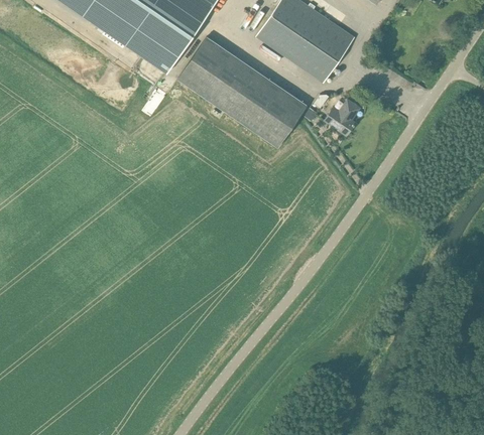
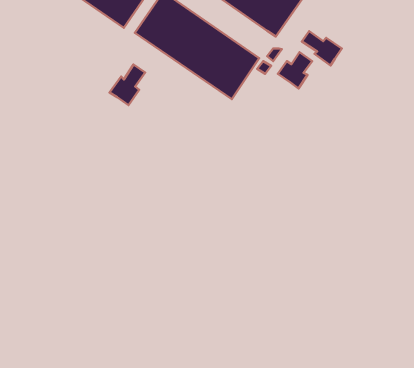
building: none -> [302,31,342,66]
building: none -> [109,65,145,105]

